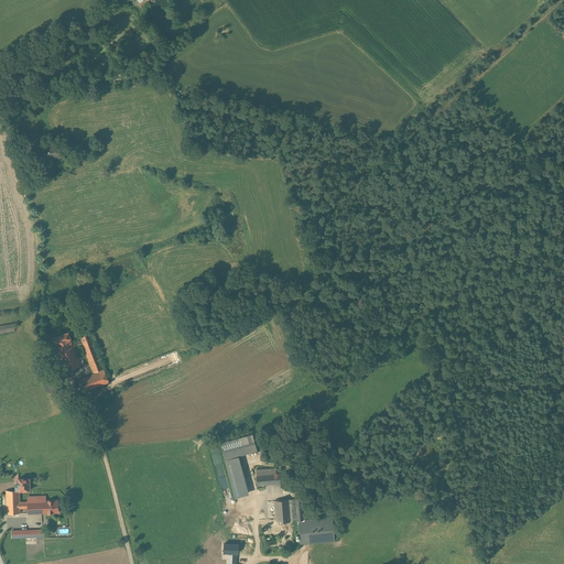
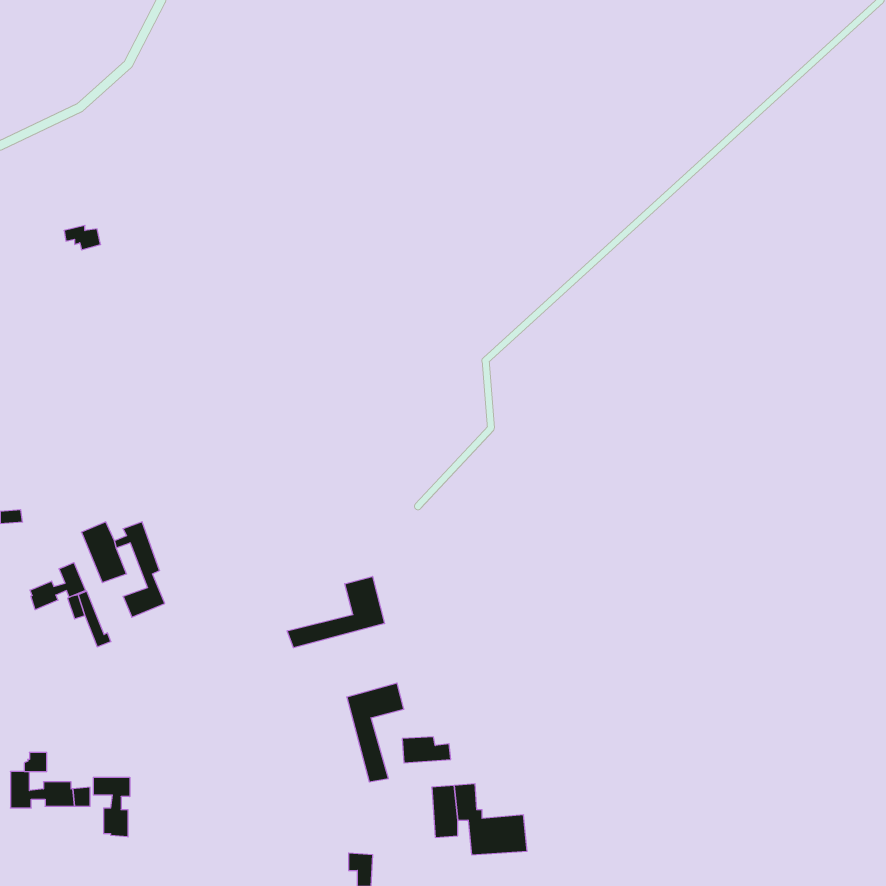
building: none -> [30,563,85,610]
building: none -> [287,576,385,648]
building: none -> [93,777,130,837]

